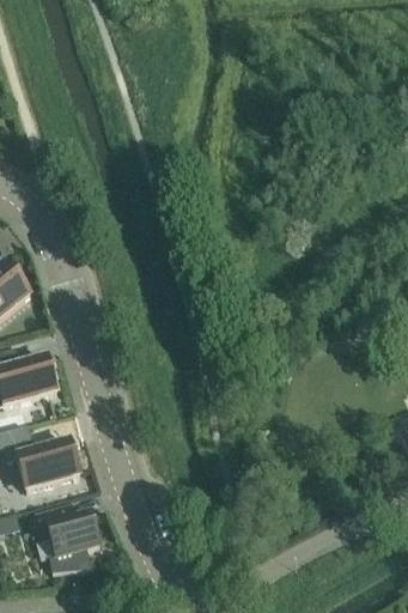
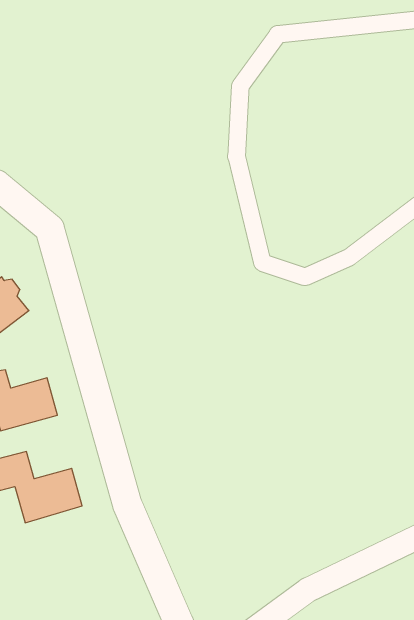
building: [37,505,99,571] -> none

